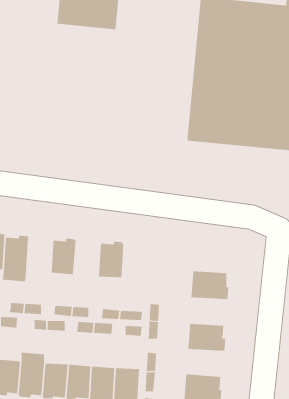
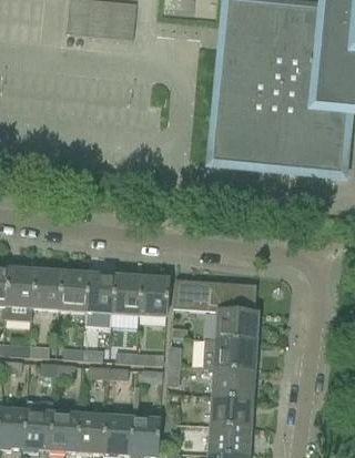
building: none -> [32,271,61,311]
building: none -> [84,274,114,326]
building: none -> [139,277,169,318]
building: none -> [173,277,256,311]
building: none -> [202,337,256,369]
building: none -> [210,396,253,427]

